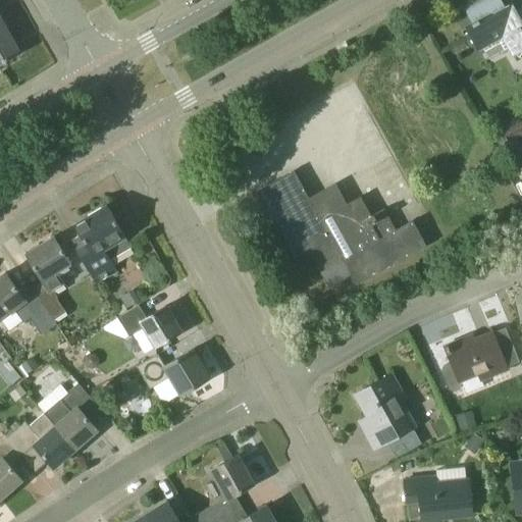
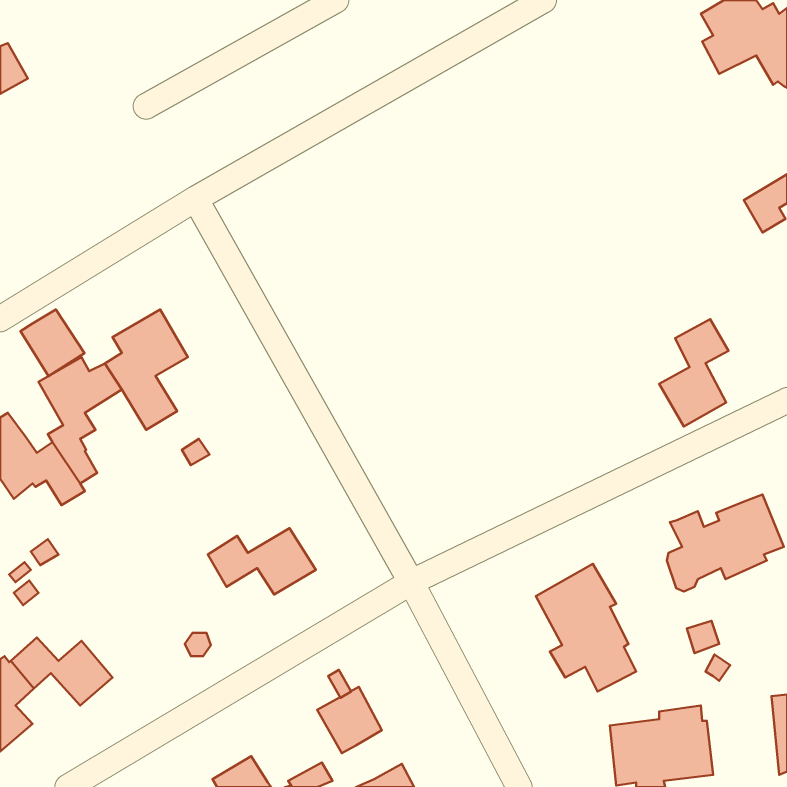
building: [256,171,425,285] -> none
building: none -> [20,310,85,376]
building: none -> [659,319,729,426]
building: [118,306,180,353] -> none
building: [38,384,97,449] -> none

